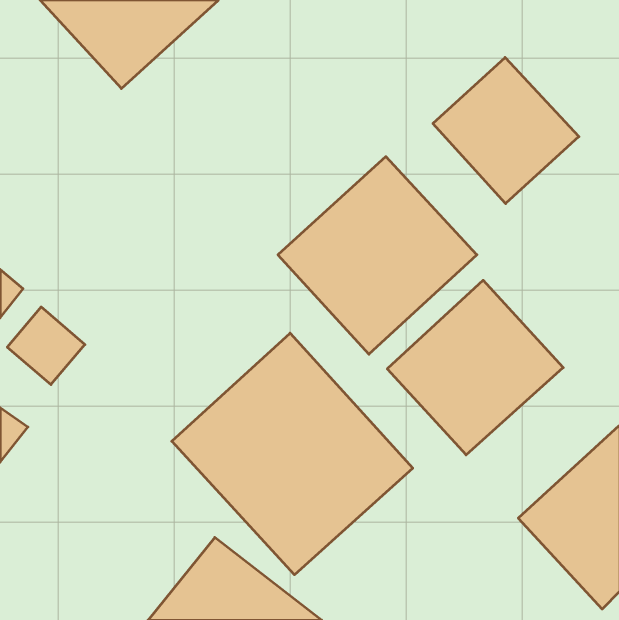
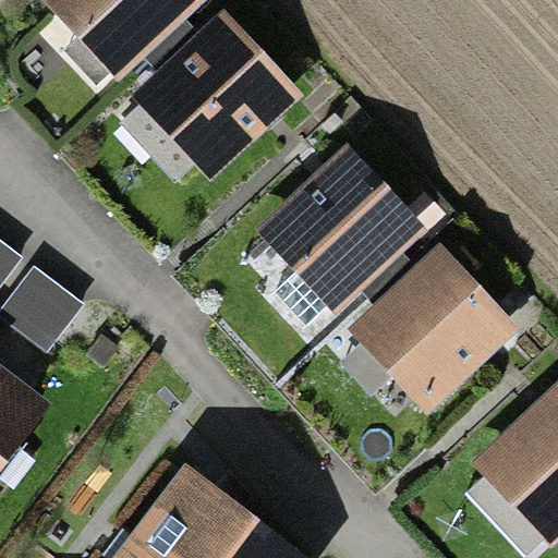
building: none -> [130,11,295,175]
building: [433,57,579,204] -> none
building: [172,333,413,575] -> none

